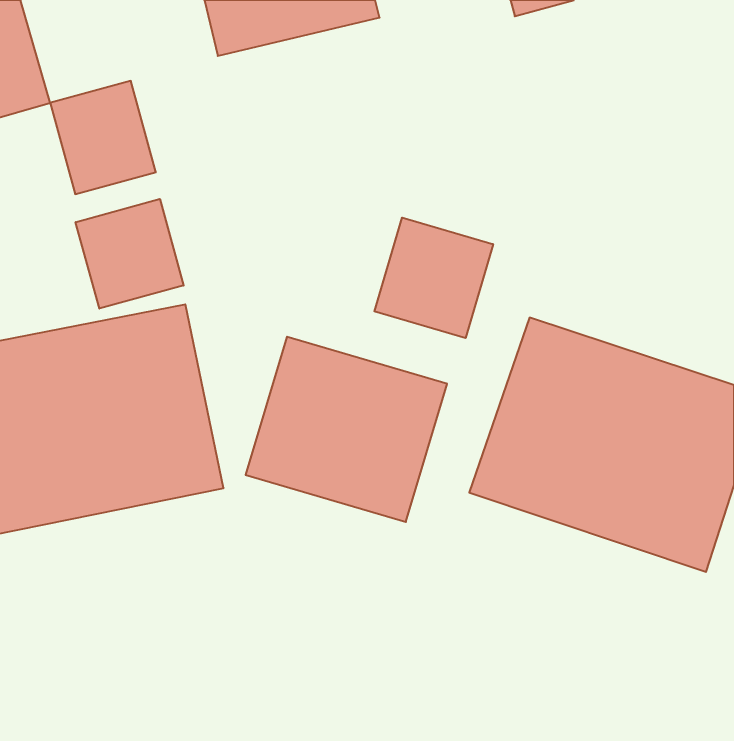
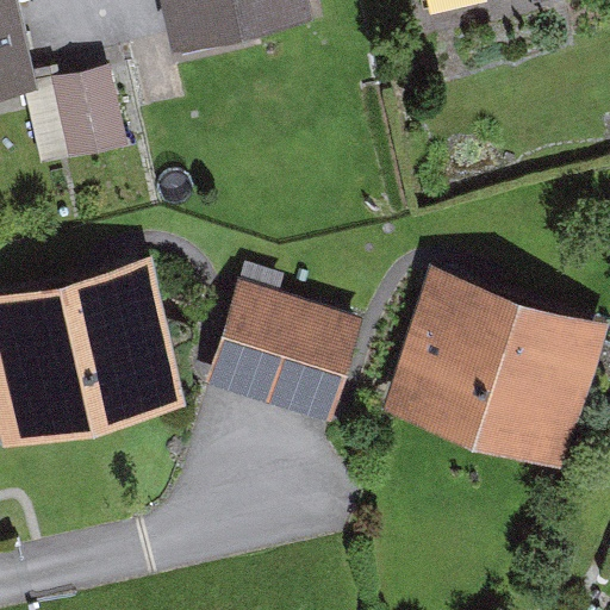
building: [76,199,184,309] -> none
building: [374,218,493,338] -> none

